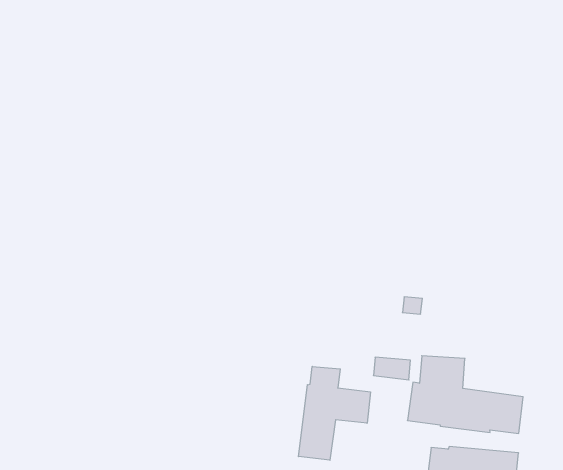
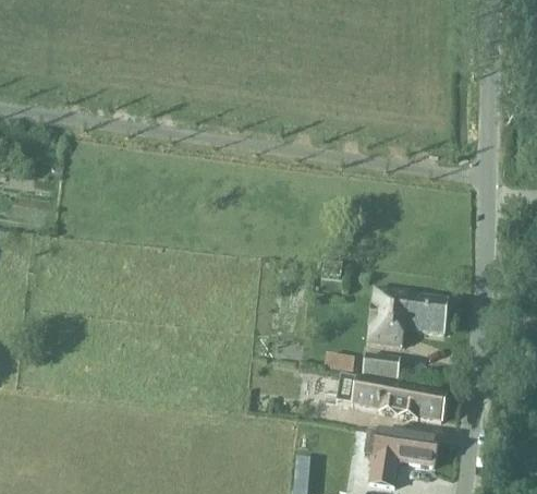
building: none -> [370,285,449,344]
building: [298,366,370,460] -> none

